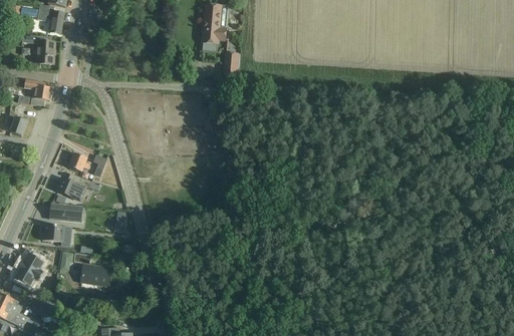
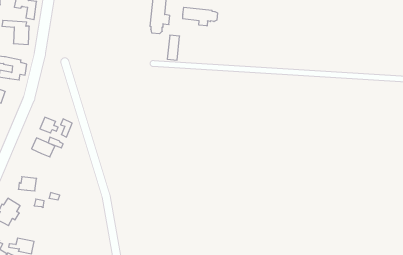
building: none -> [183,7,218,26]
building: [48,204,82,223] -> none
building: [73,253,109,285] -> none

